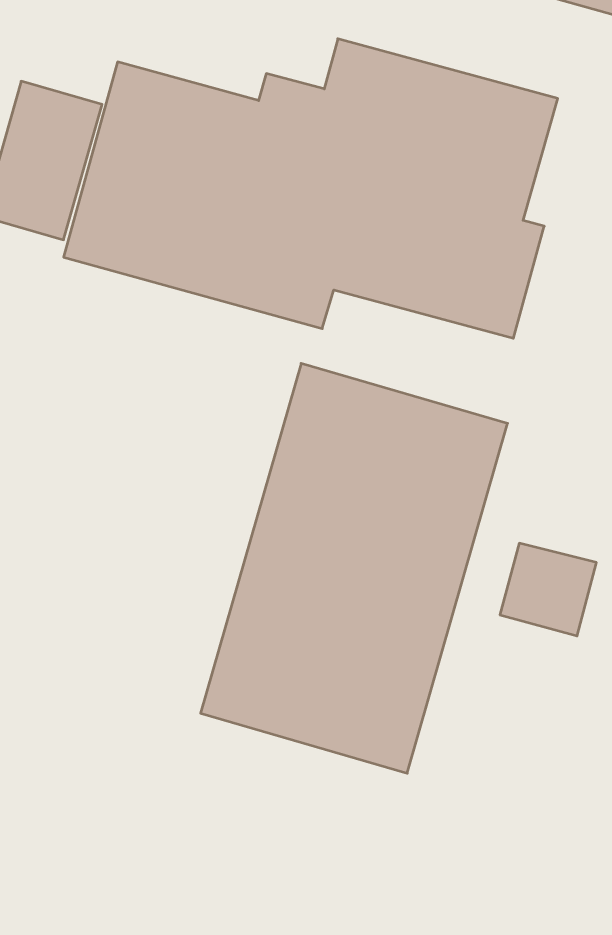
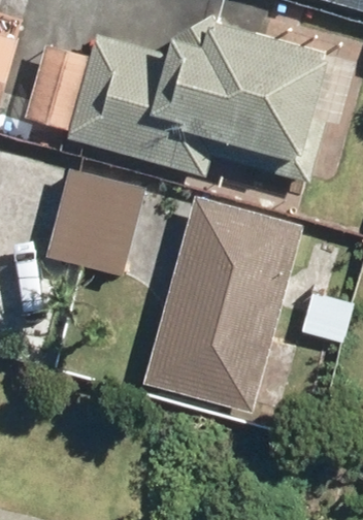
building: none -> [46,168,147,277]

